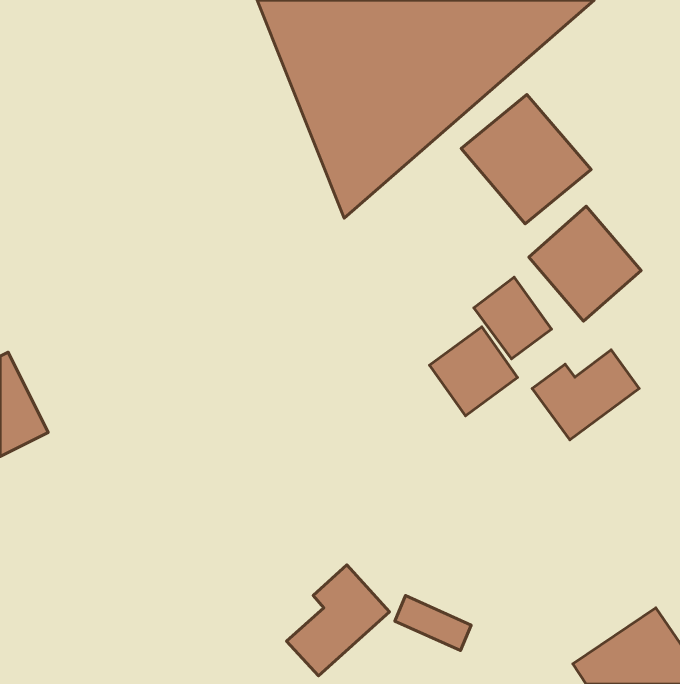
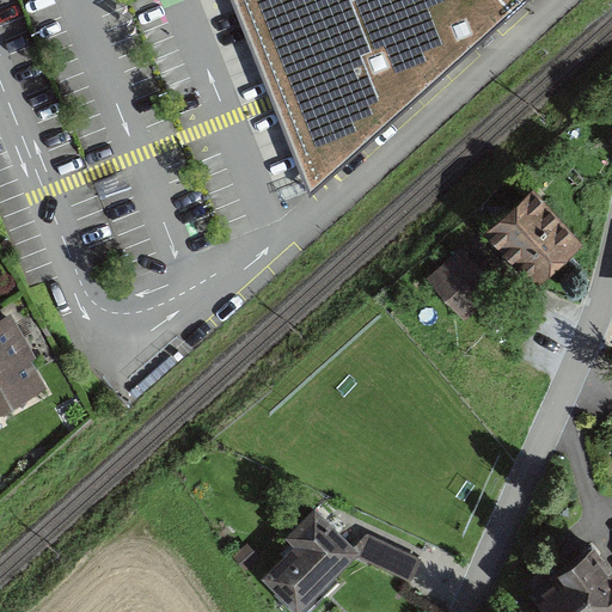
building: [461,94,591,224] -> none
building: [429,327,518,416] -> none
building: [532,350,639,440] -> none

